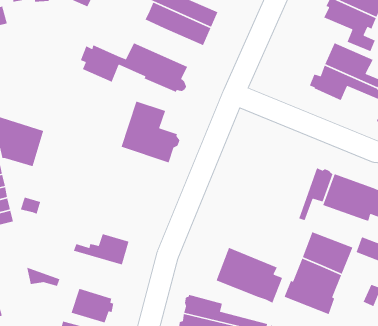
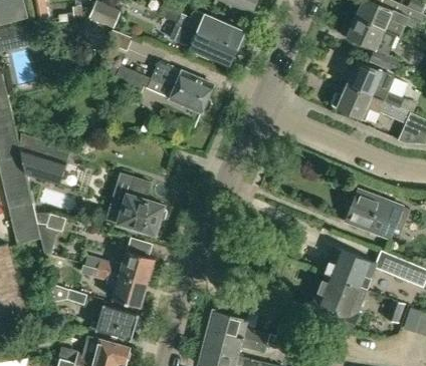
building: [121,100,180,163] -> [105,172,165,235]
building: [298,167,333,221] -> none
building: [216,247,283,304] -> none
building: none -> [82,264,147,307]

